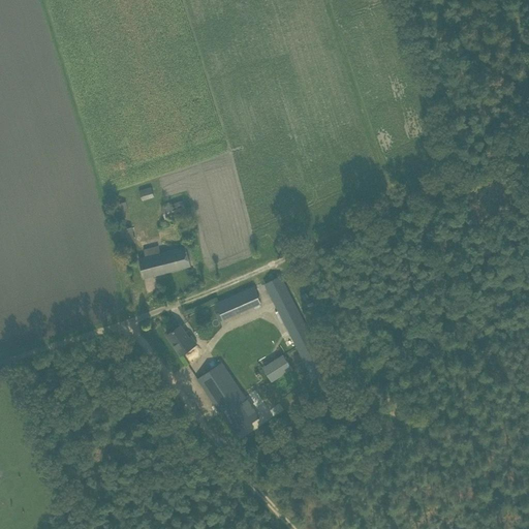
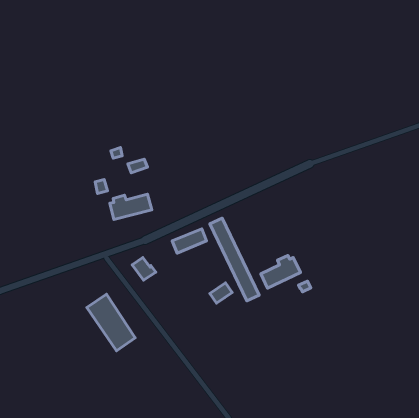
building: none -> [261,256,301,288]
building: [197,362,258,433] -> [87,294,135,351]

